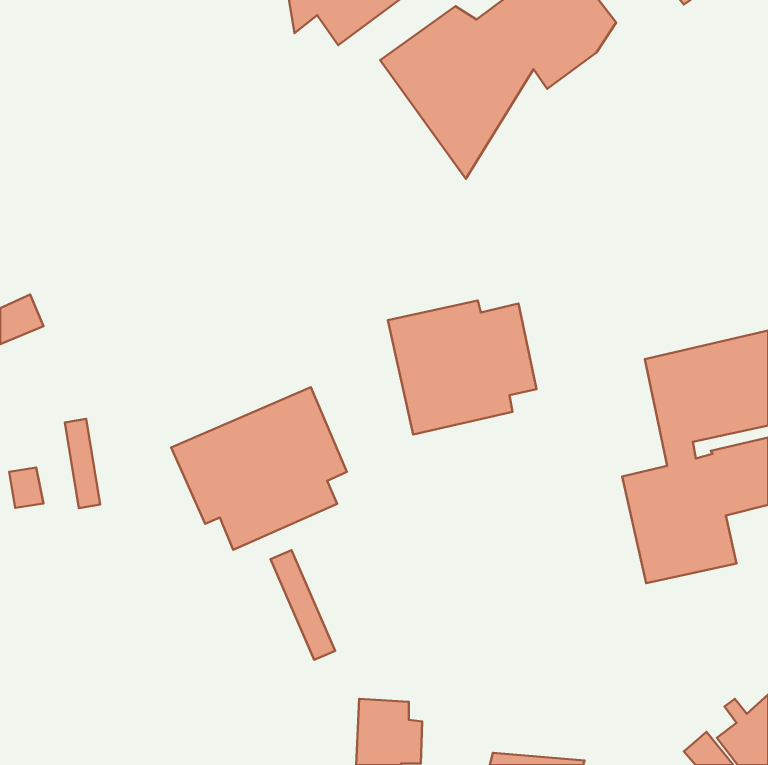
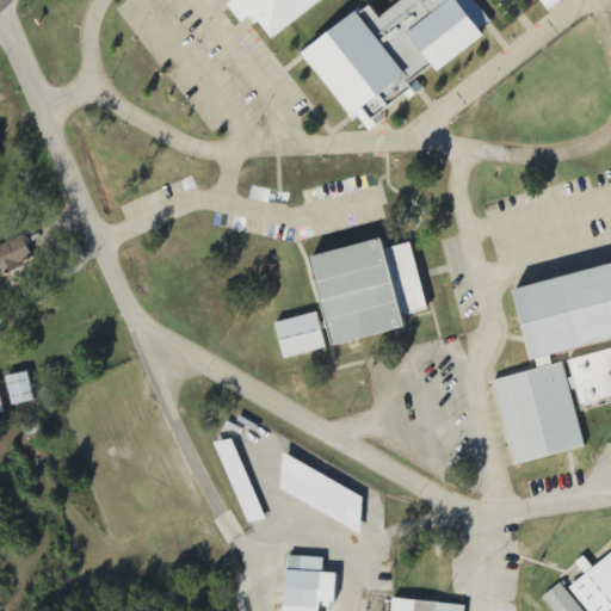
building: [171,387,347,550] -> none
building: none -> [274,311,326,357]
building: [65,419,100,508] -> none
building: none -> [274,456,370,529]

